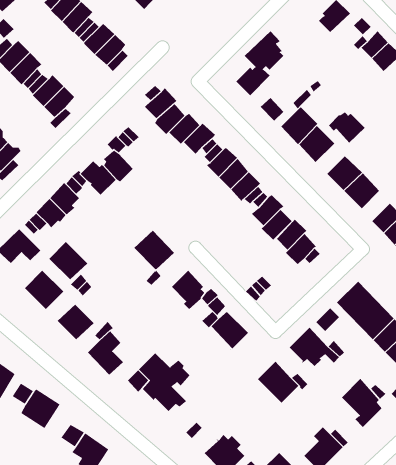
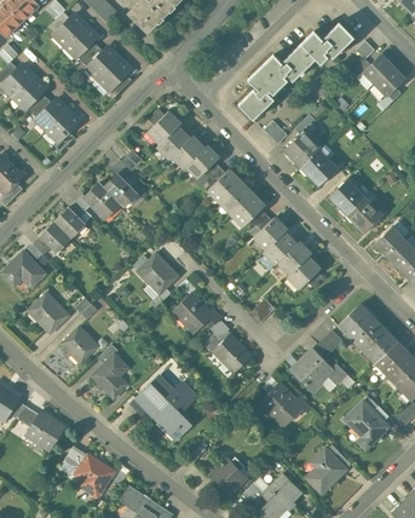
building: none -> [279,31,328,81]
building: [328,111,366,143] -> none
building: [49,241,88,281] -> none

